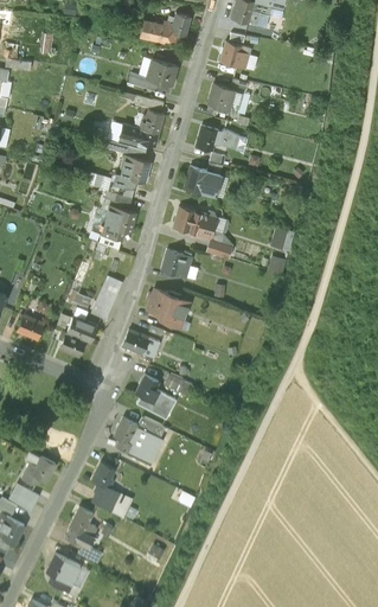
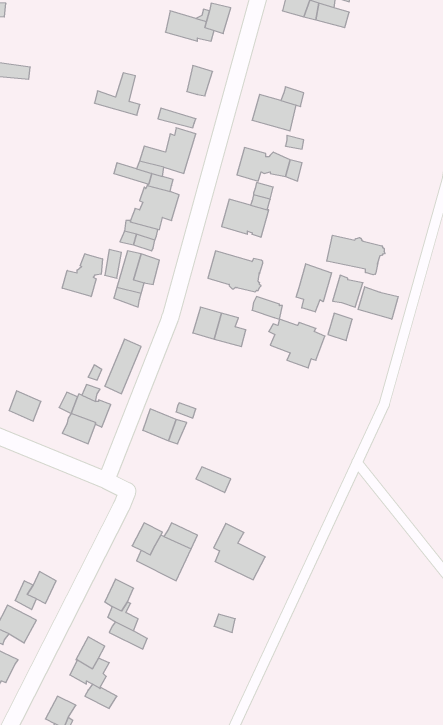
building: [219,41,251,69] -> none
building: [129,59,165,92] -> [94,73,140,115]
building: none -> [327,235,385,275]
building: none -> [62,254,102,297]
building: none -> [296,264,332,312]
building: none -> [358,287,398,319]
building: [146,289,190,327] -> [269,319,325,368]
building: [135,375,175,418] -> [214,523,265,580]

